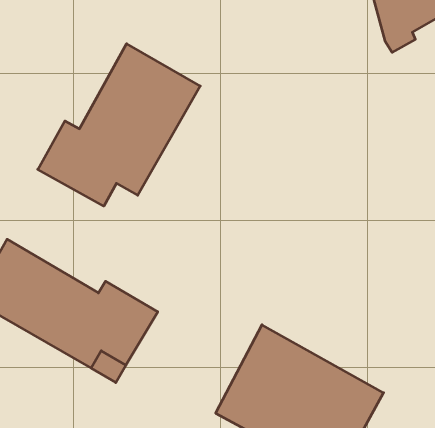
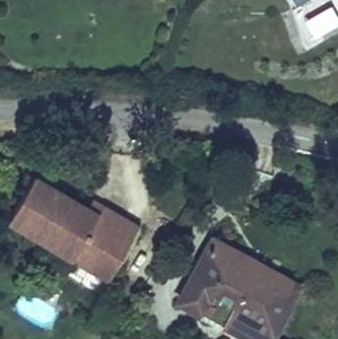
building: [38,44,200,206] -> none

